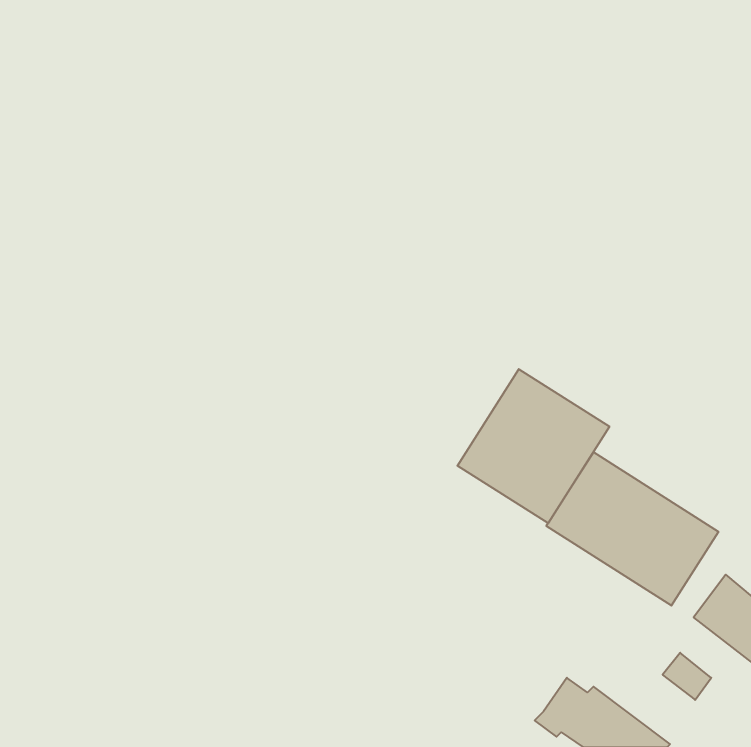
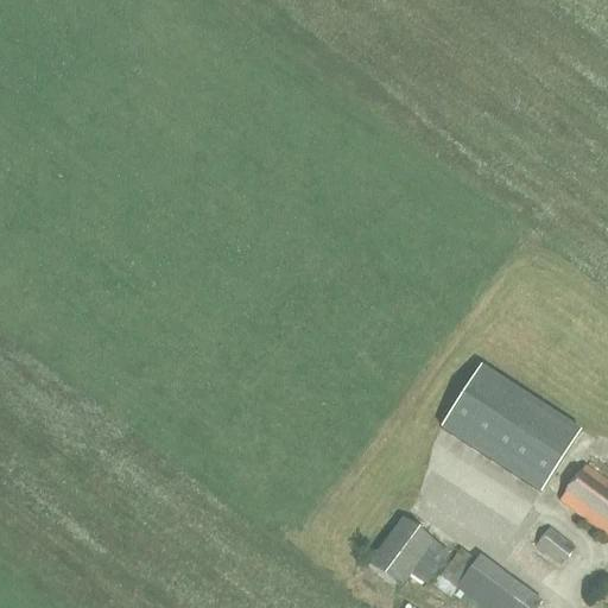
building: [457,369,609,523] -> none
building: none -> [368,518,450,588]

